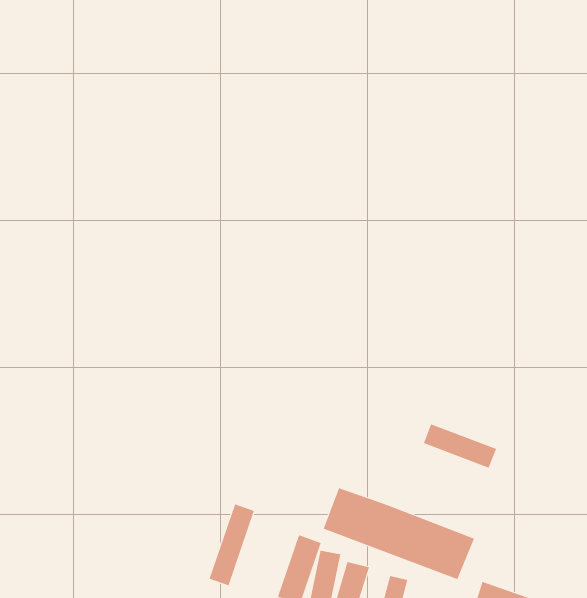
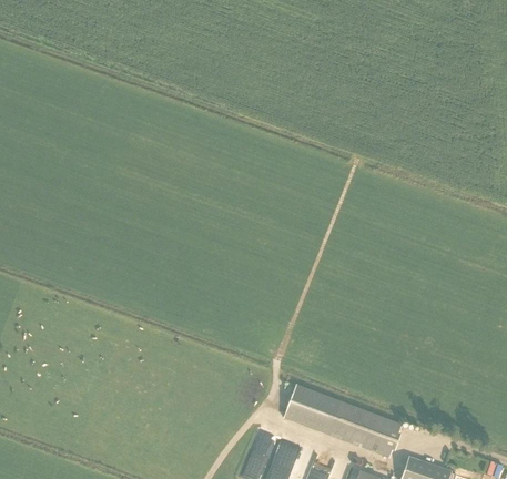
building: [423,423,497,468] -> none
building: [209,503,255,586] -> none

